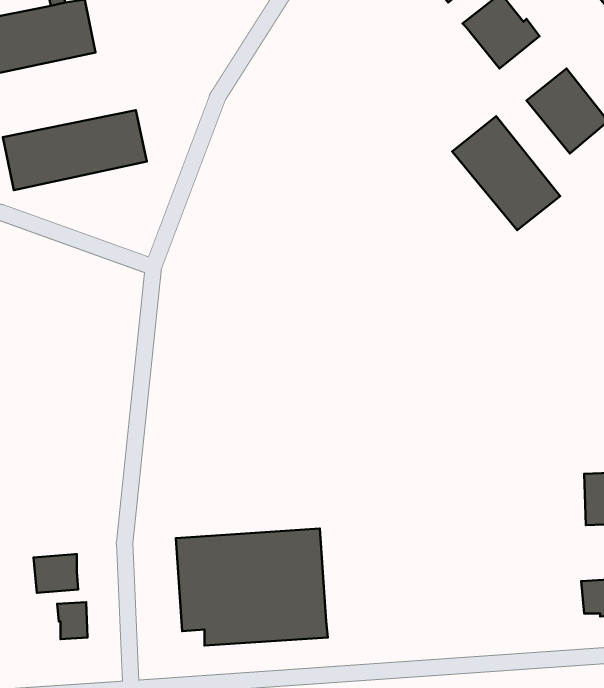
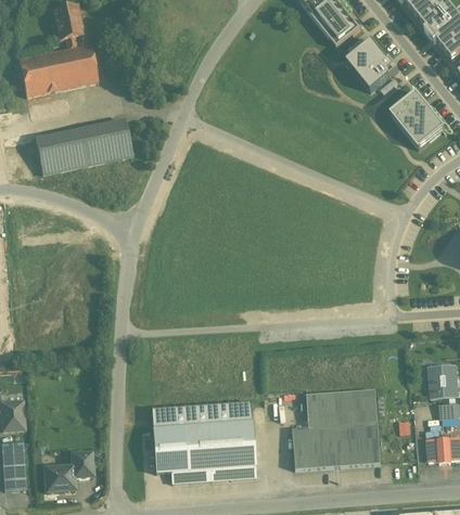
building: [452,116,560,230] -> none
building: none -> [292,389,381,468]
building: [33,554,78,593] -> [44,465,75,491]

